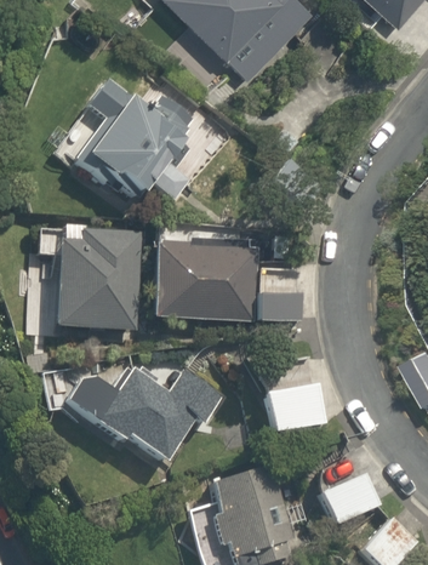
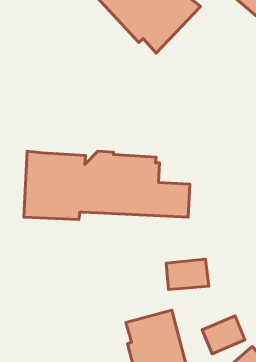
building: [73,80,194,206] -> none
building: [63,358,194,466] -> none

